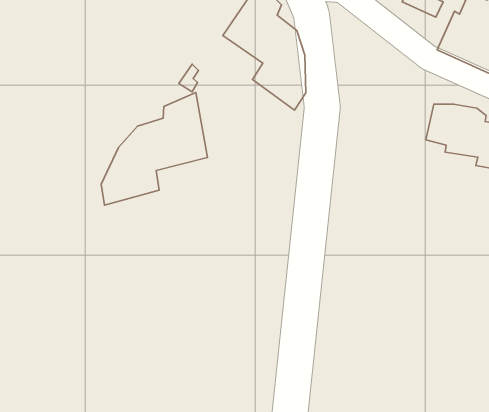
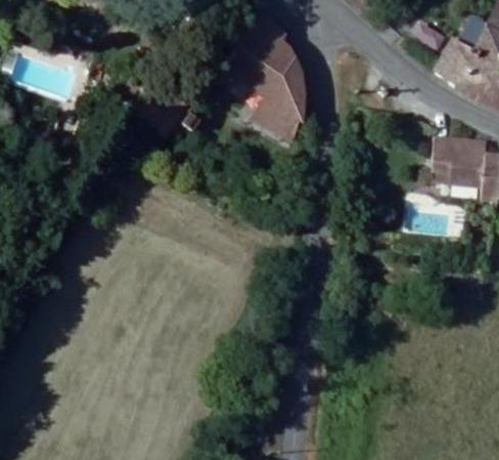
building: [101,92,208,205] -> none

